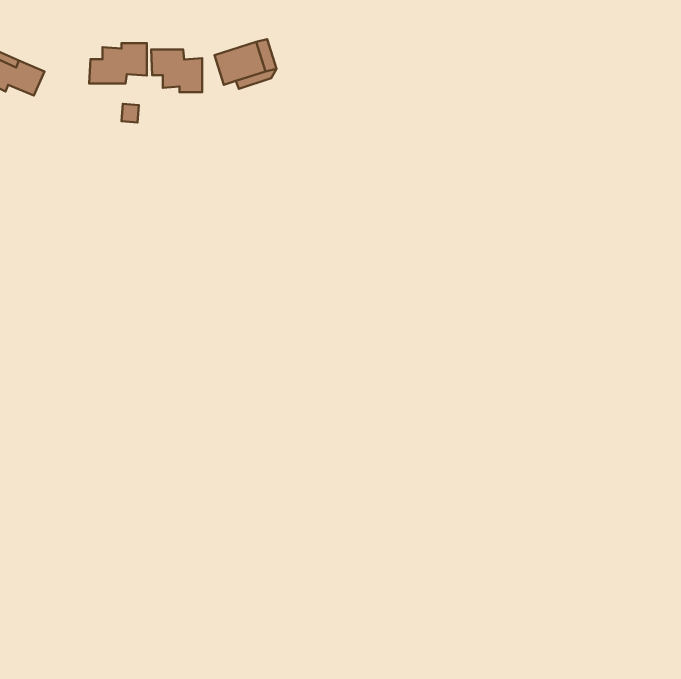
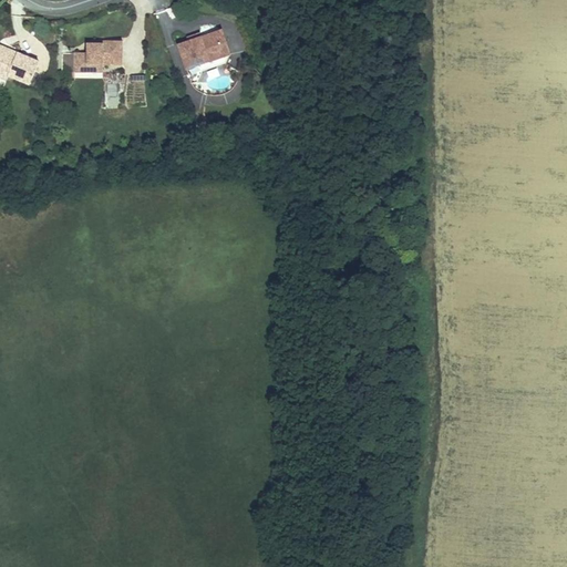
building: [151,50,202,92] -> none

